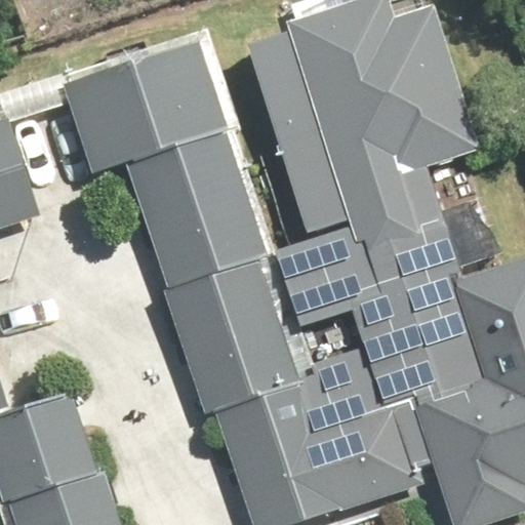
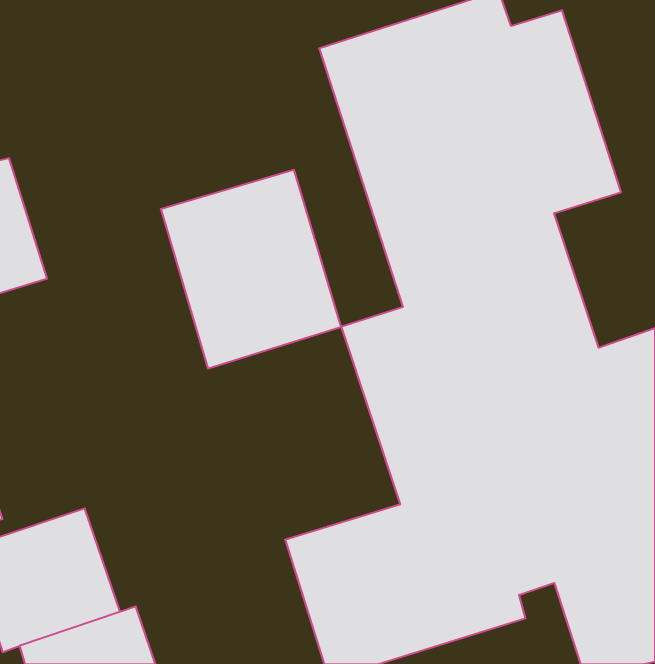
building: [64,43,231,175] -> none
building: [163,256,314,429] -> none

